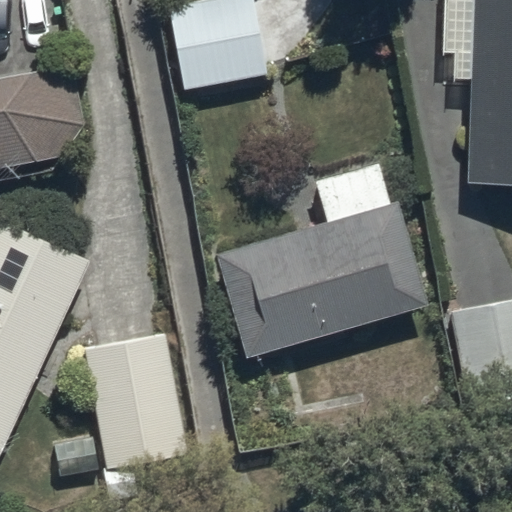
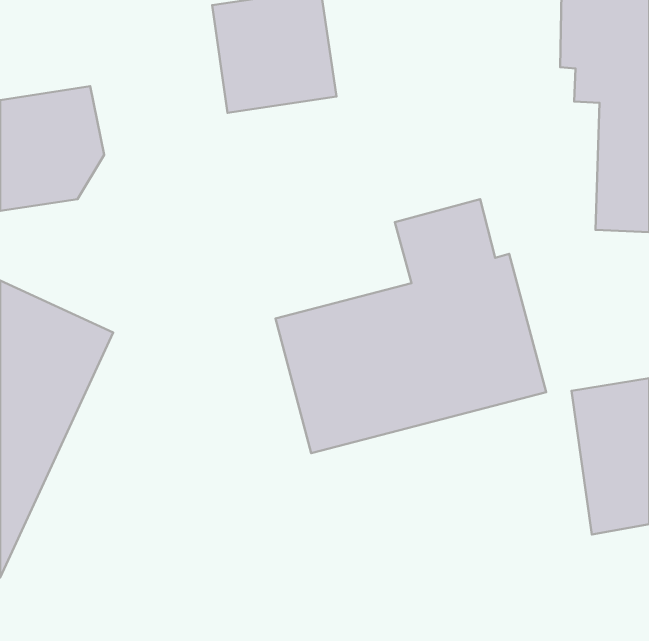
building: [81,329,192,500] -> none

